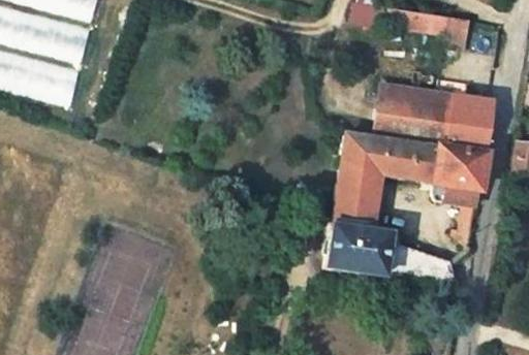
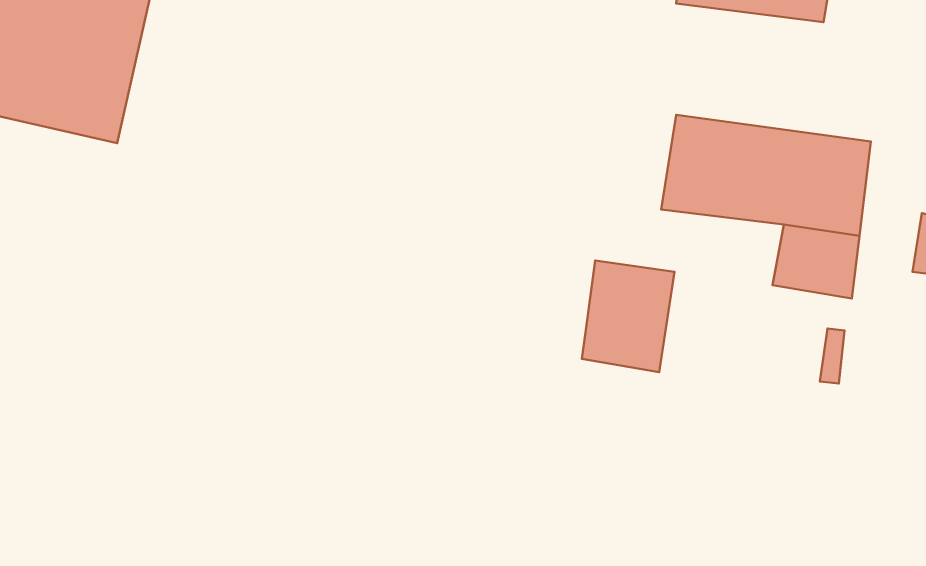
building: [337,135,440,181] -> none
building: [324,221,458,285] -> none

